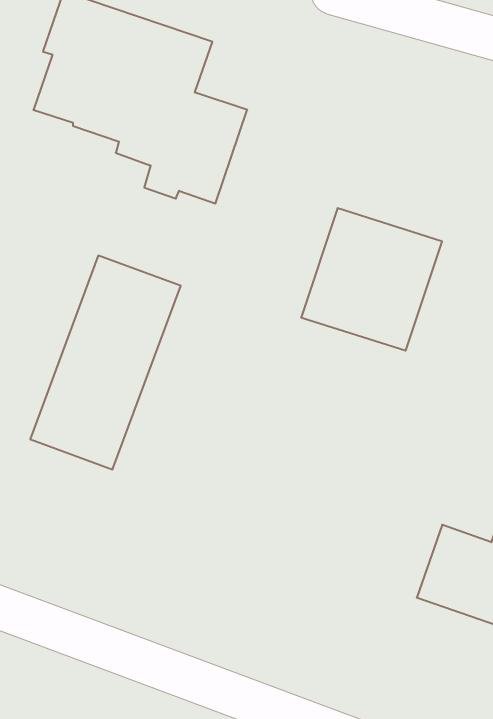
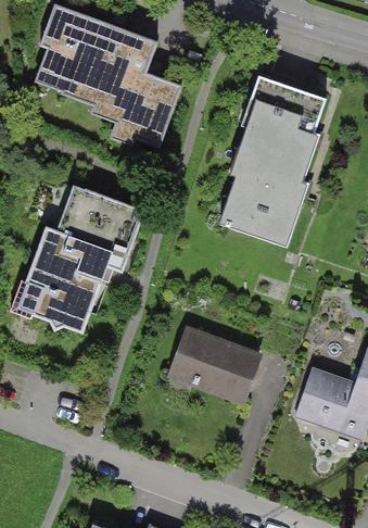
building: none -> [240,75,335,173]
building: none -> [164,325,261,408]

